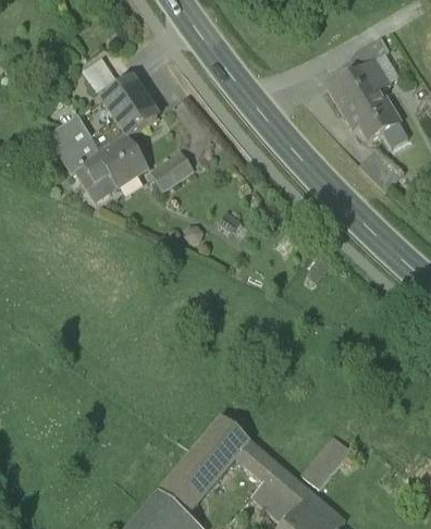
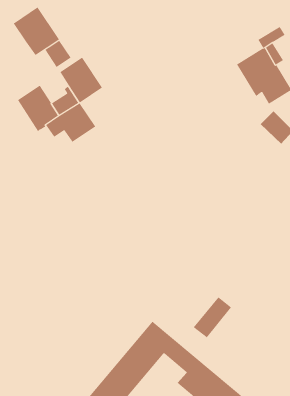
building: none -> [13,7,60,56]
building: [151,153,194,192] -> none
building: [77,168,118,201] -> none
building: [301,435,352,489] -> [193,297,232,338]

